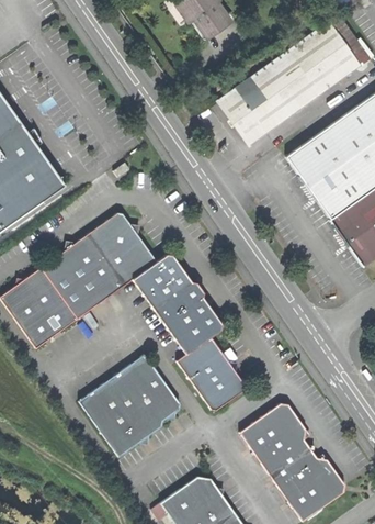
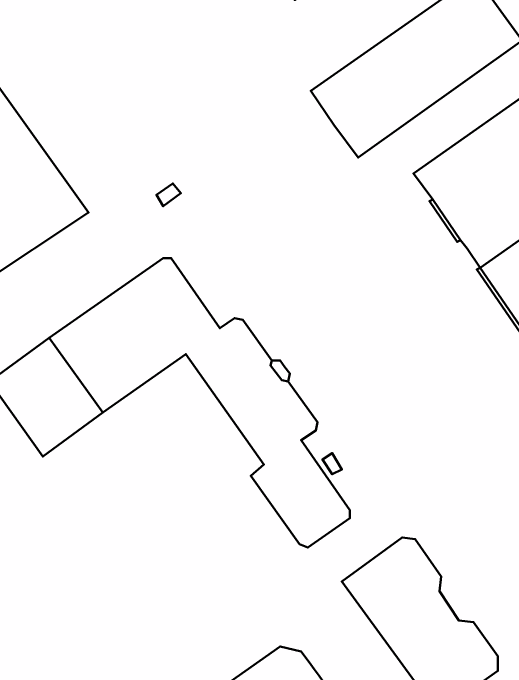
building: [80,353,180,455] -> none

